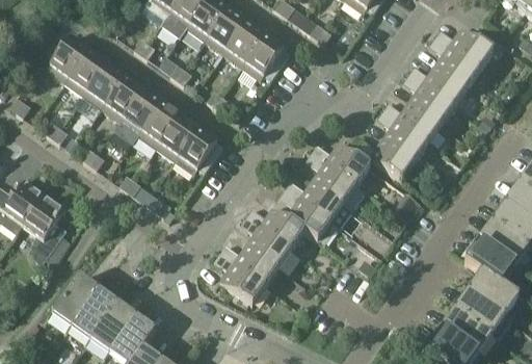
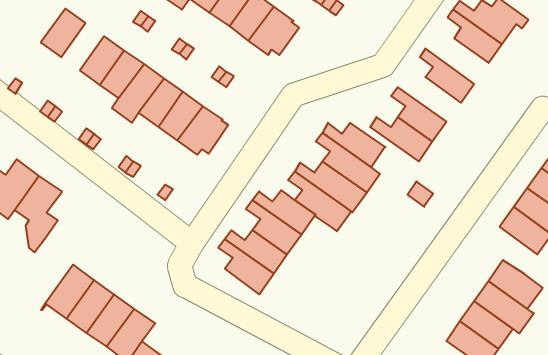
building: [68,48,108,93] -> none
building: [409,62,469,105] -> none
building: [383,99,443,140] -> none
building: [466,239,514,283] -> none

